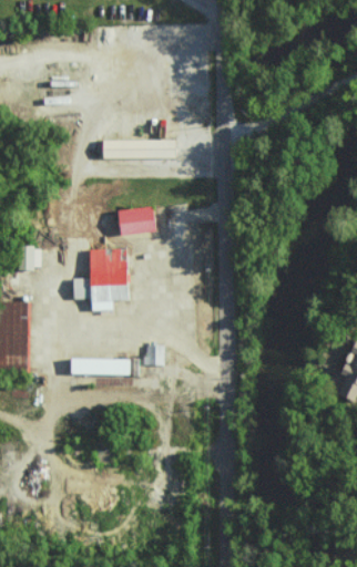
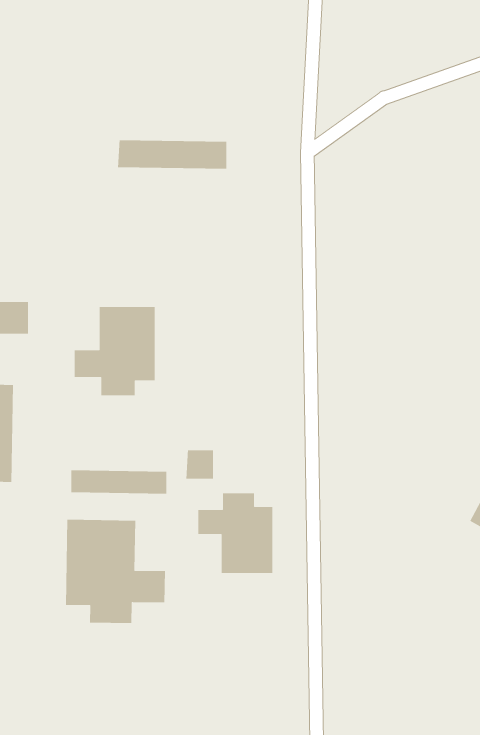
building: [114,206,155,236] -> none
building: none -> [198,493,273,574]
building: none -> [65,519,166,624]

